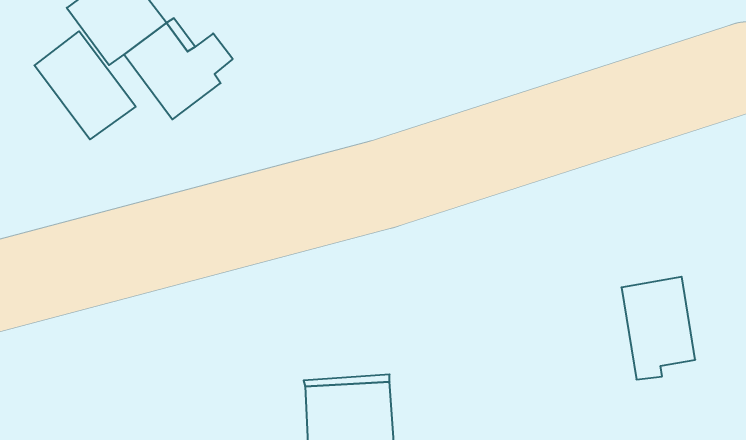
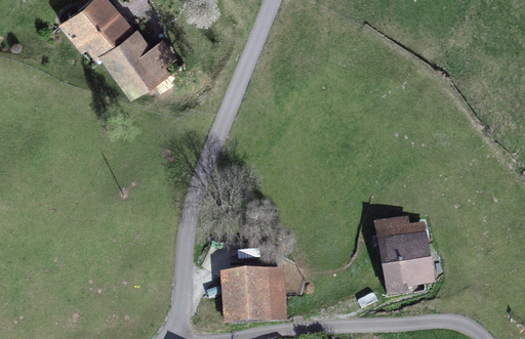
building: [34,31,136,139] -> none
building: [621,277,695,379] -> [378,223,429,293]

